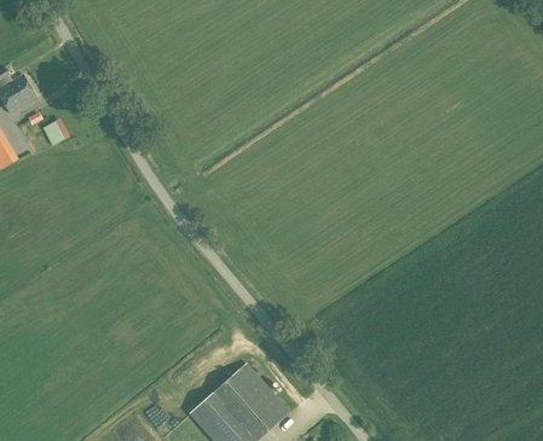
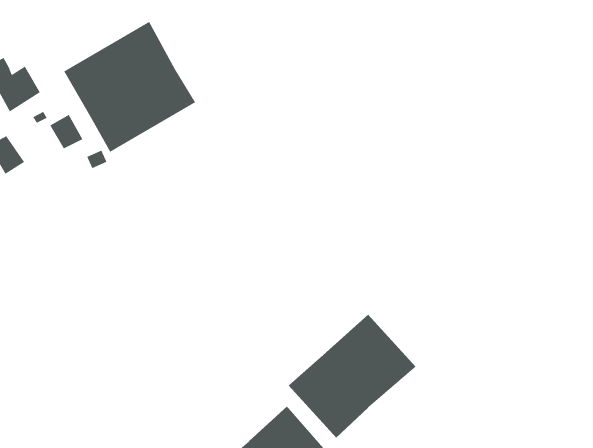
building: none -> [63,21,196,153]
building: none -> [288,314,416,438]

